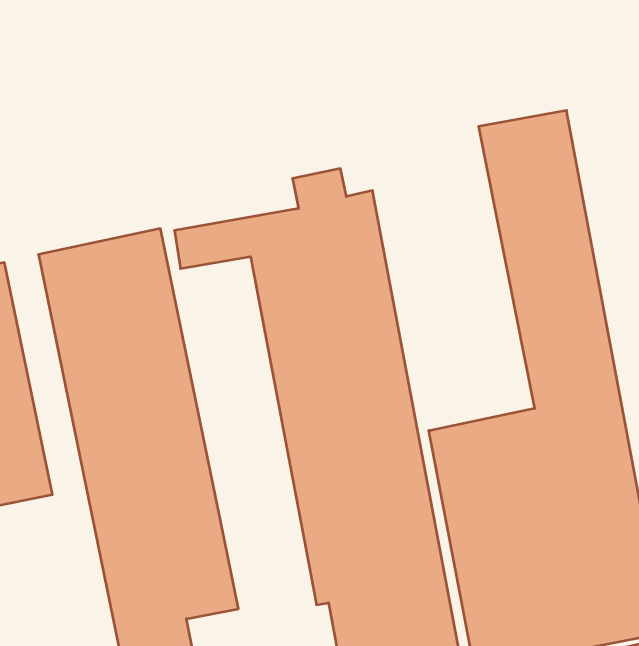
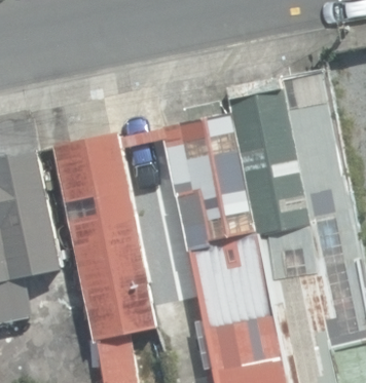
building: none -> [227,81,309,237]

